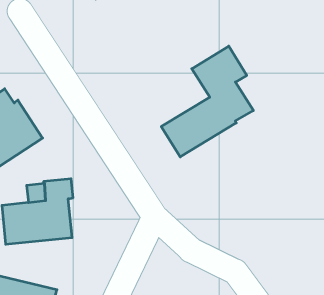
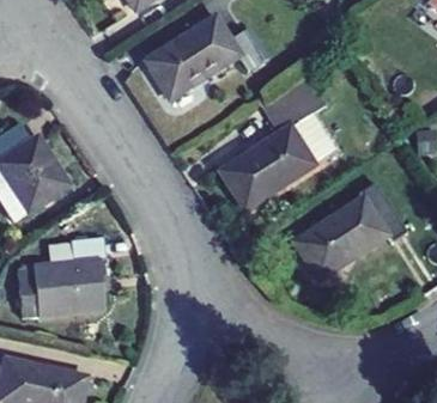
building: none -> [145,17,265,99]
building: none -> [289,187,403,282]

